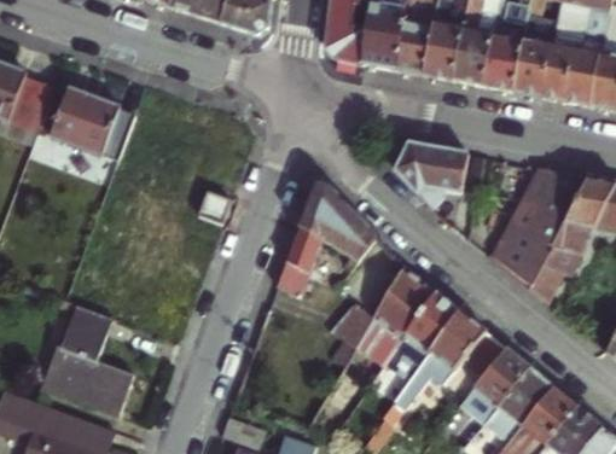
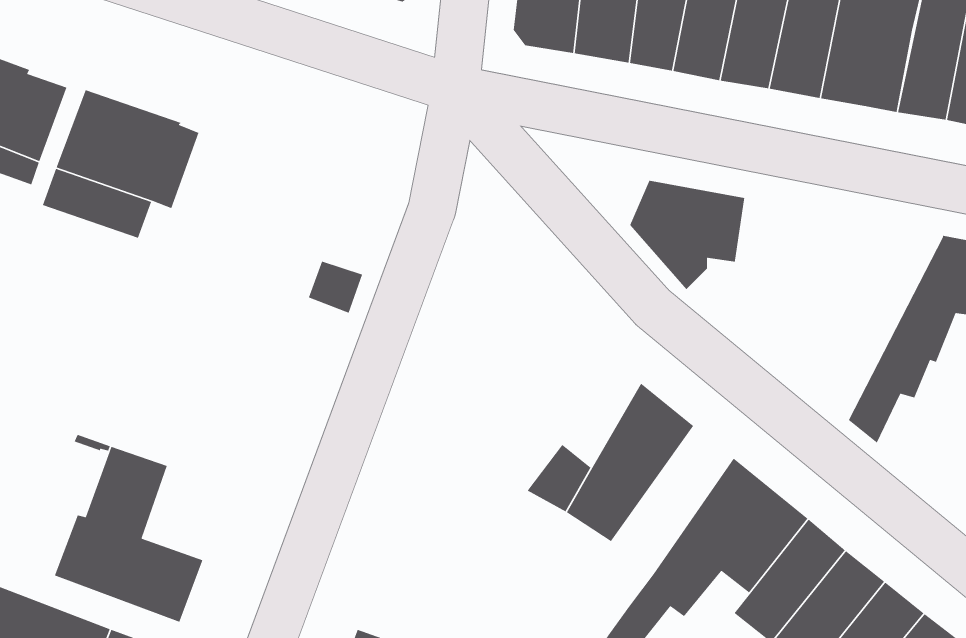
building: [489,167,587,289] -> none
building: [277,184,374,296] -> none
building: [383,292,459,383] -> none

